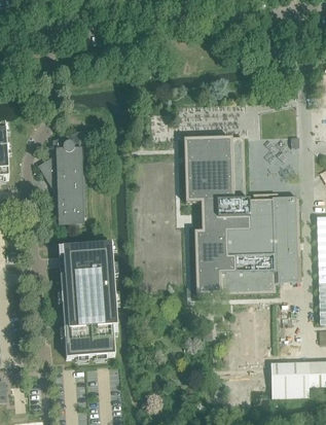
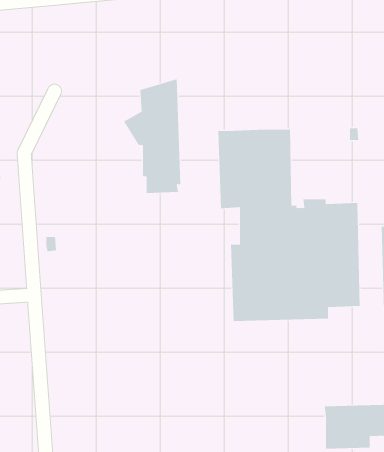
building: [39,129,86,222] -> [123,78,181,194]
building: [61,242,116,356] -> none

